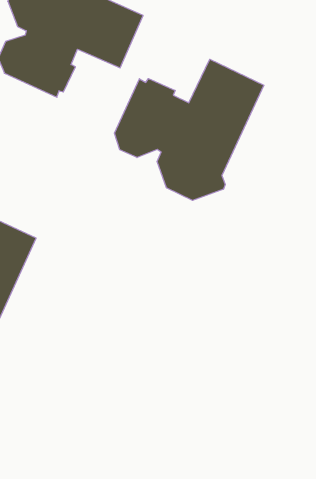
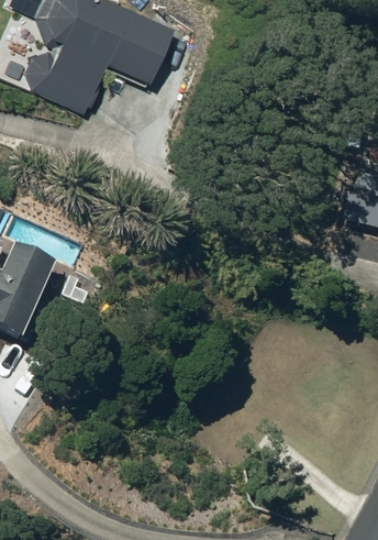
building: [115,59,264,200] -> none

